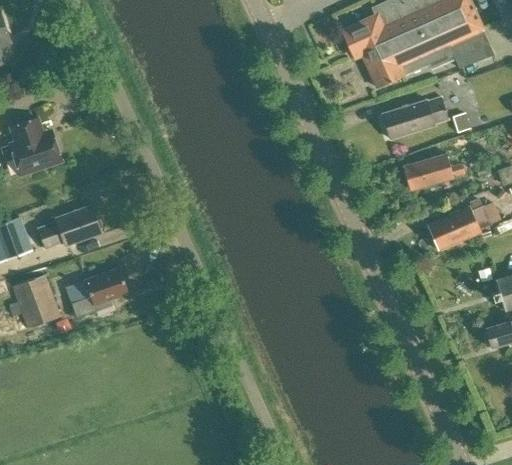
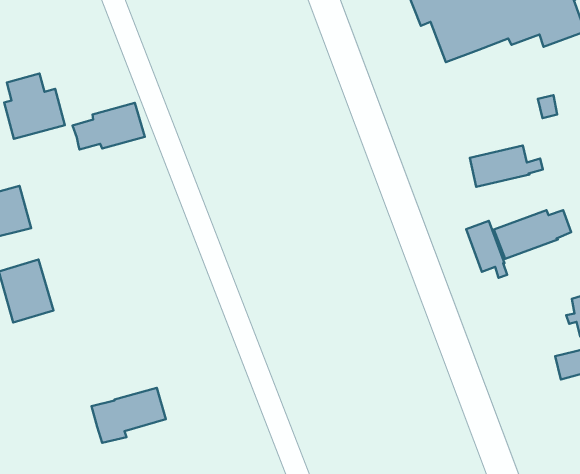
building: [382,96,449,139] -> none
building: [39,205,100,247] -> [73,103,145,150]
building: none -> [466,221,507,278]
building: [65,267,128,316] -> [91,388,166,443]

